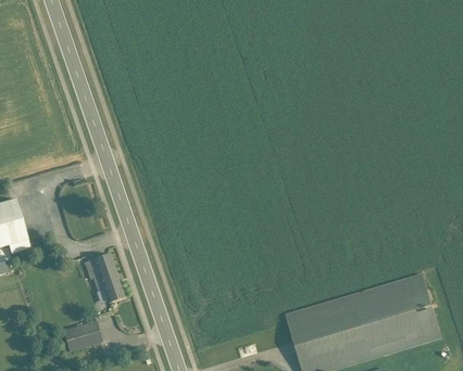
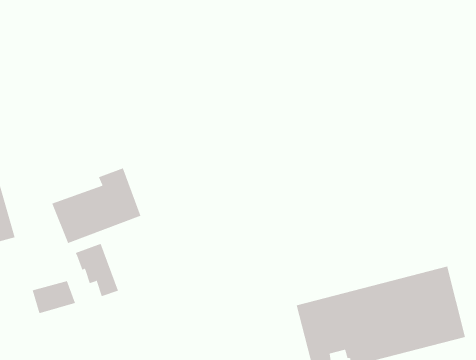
building: none -> [51,167,141,244]
building: [61,320,101,350] -> [32,281,76,314]

